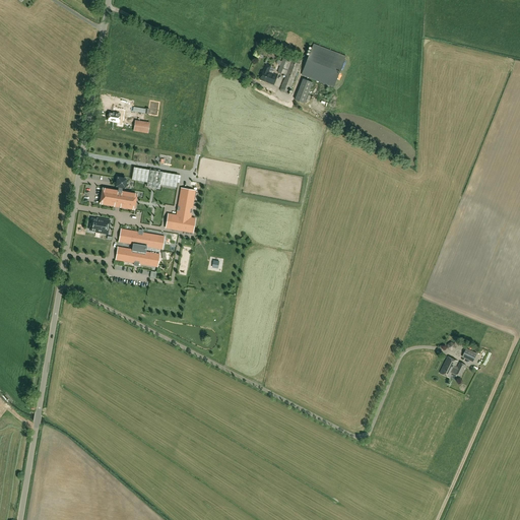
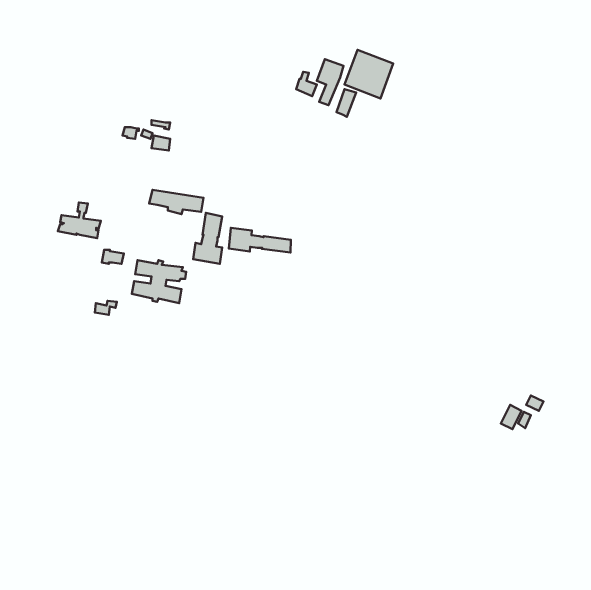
building: [100,177,137,208] -> [58,202,101,238]
building: none -> [229,228,291,253]

